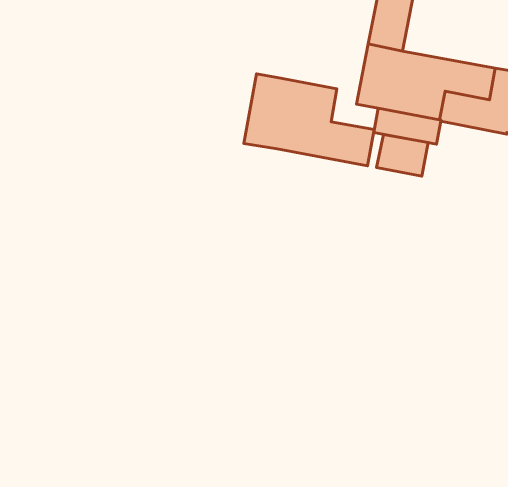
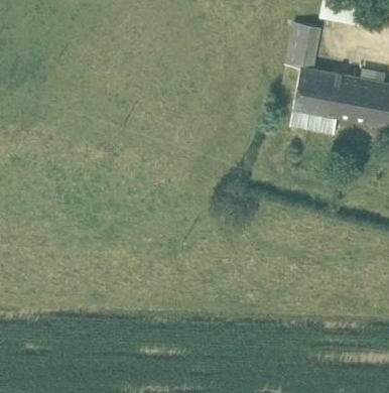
building: [244,74,374,166] -> none
building: [377,134,428,176] -> none

